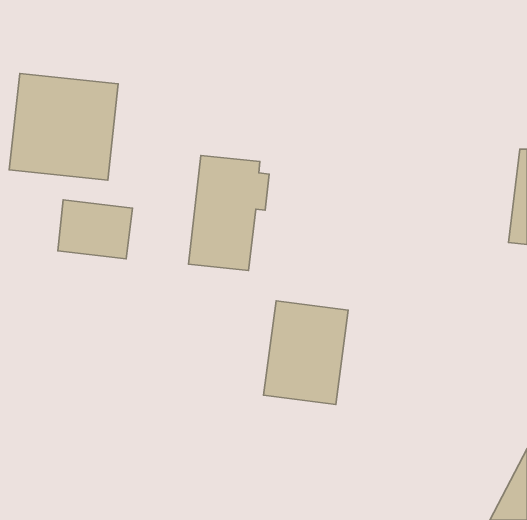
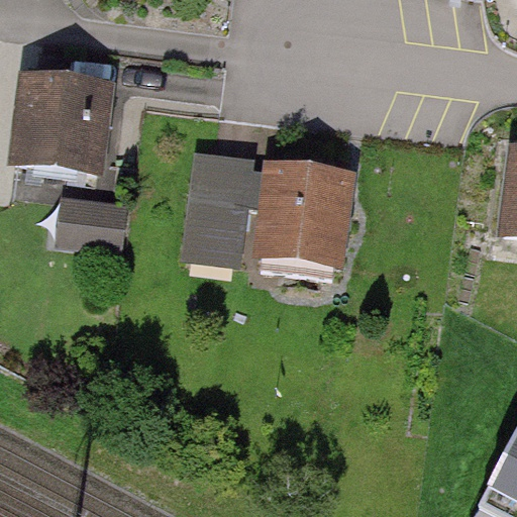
building: none -> [251,159,356,269]
building: [264,301,348,405] -> none

